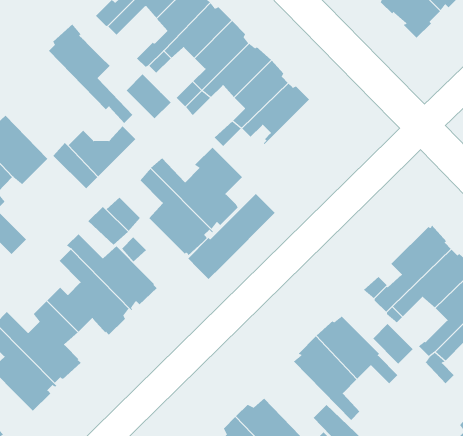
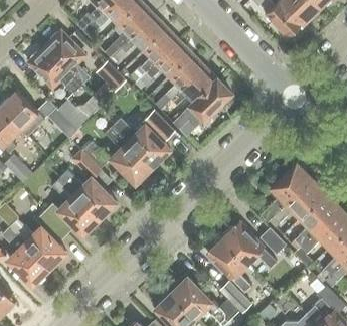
building: none -> [27,47,83,95]
building: [187,193,276,280] -> [173,79,231,137]

